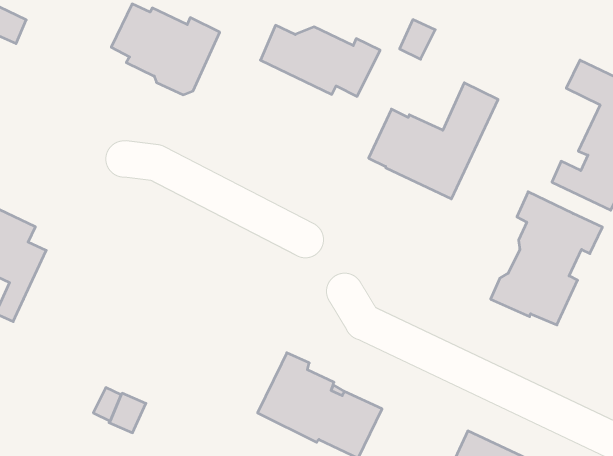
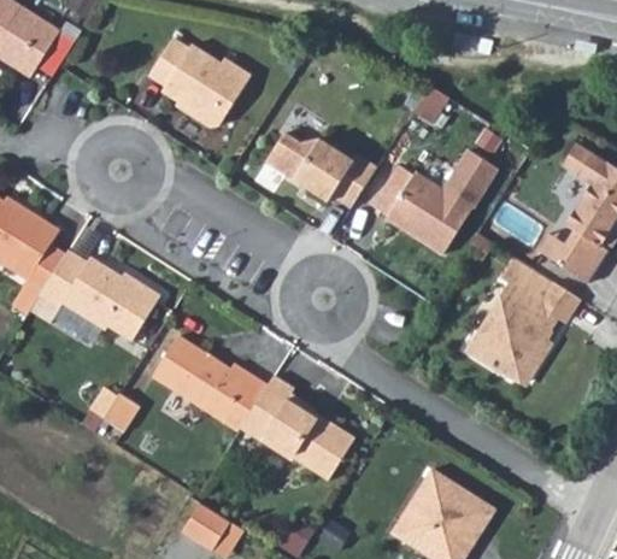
building: [260,25,380,96] -> [266,133,377,207]
building: none -> [40,249,161,341]
building: none -> [153,335,269,431]

